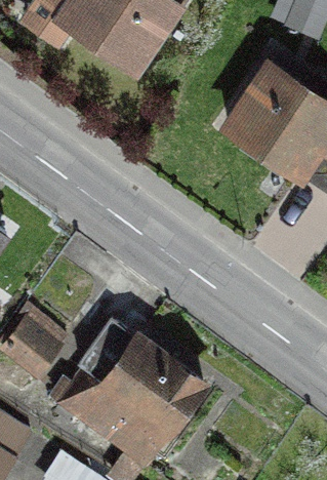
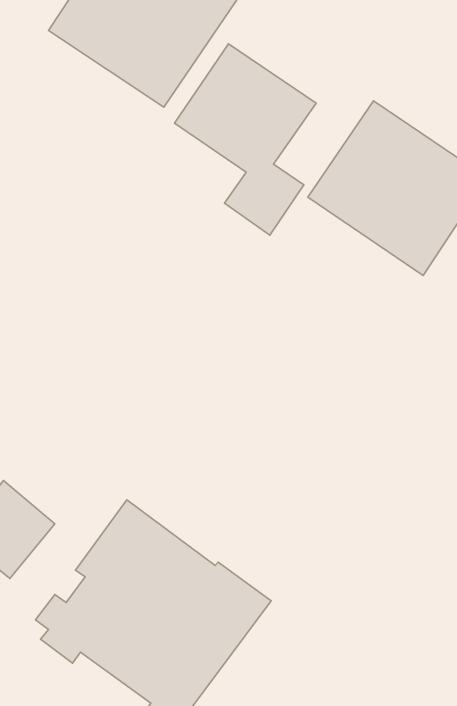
building: none -> [175,44,316,235]

